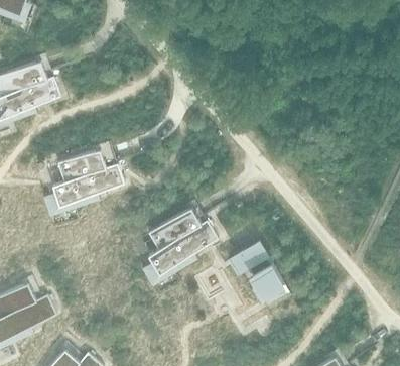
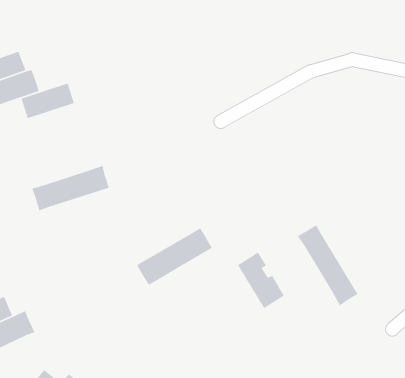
building: [56,150,106,184] -> [20,83,75,119]
building: [147,208,201,250] -> none
building: none -> [297,224,359,307]

